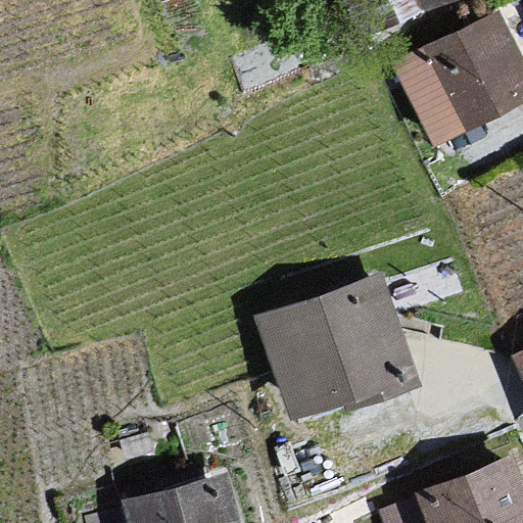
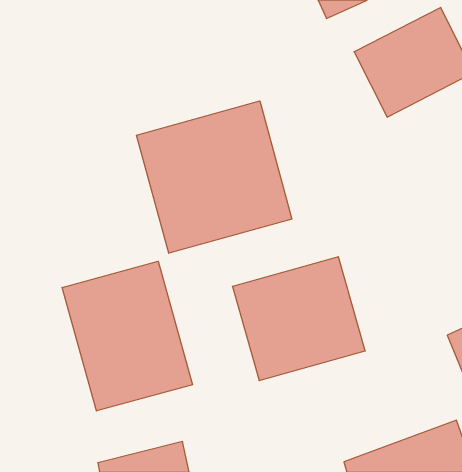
building: none -> [137,101,292,253]
building: none -> [62,261,193,411]

